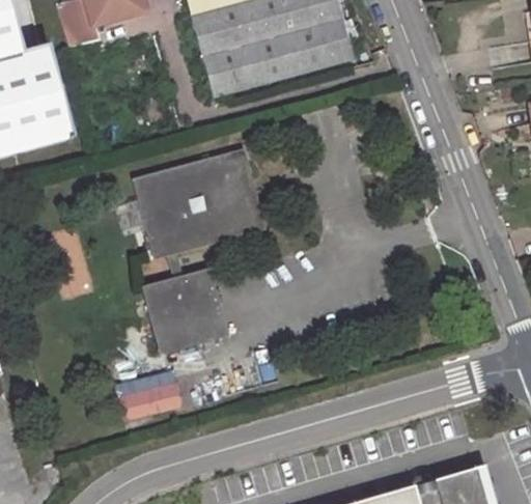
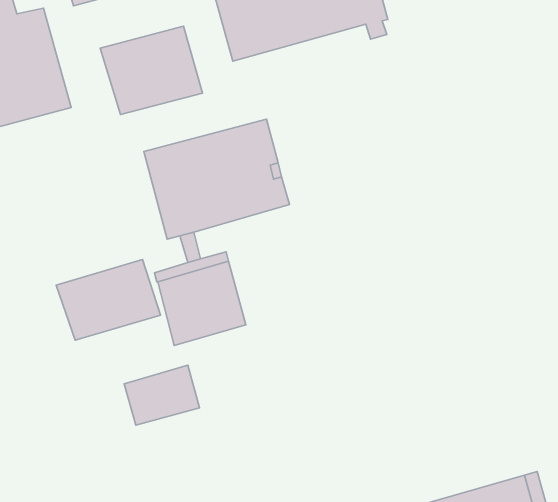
building: none -> [100,26,203,115]
building: none -> [56,260,160,340]

